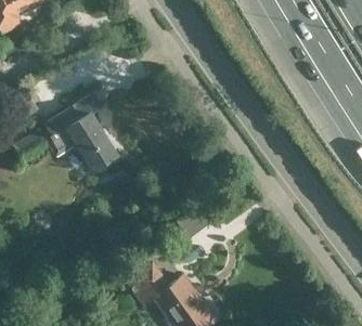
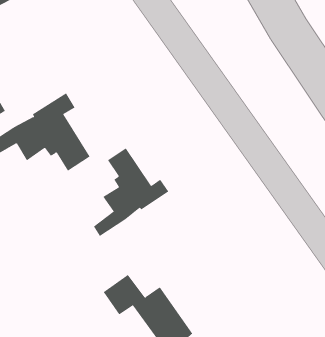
building: none -> [93,148,169,237]

